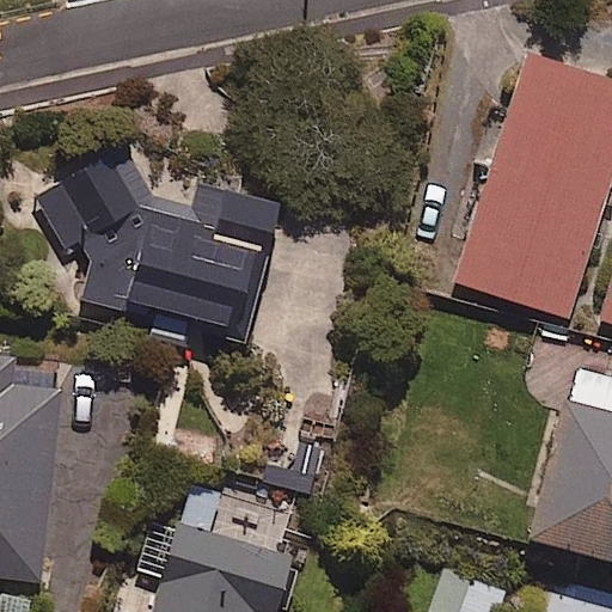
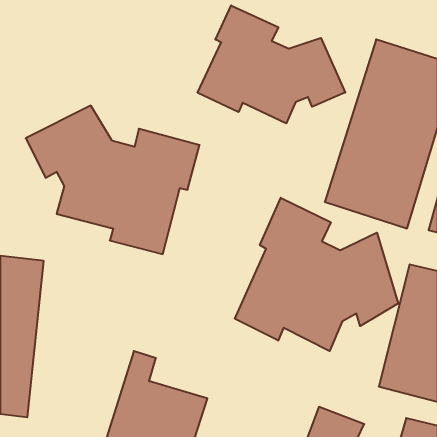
building: none -> [198,5,345,123]
building: none -> [235,198,398,351]

